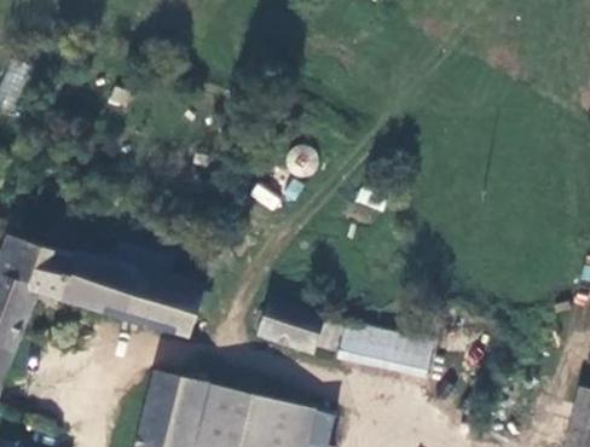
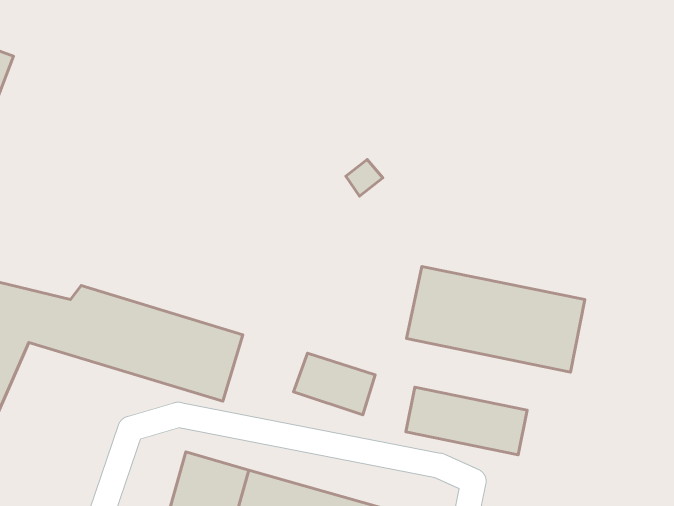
building: none -> [406,266,585,372]

